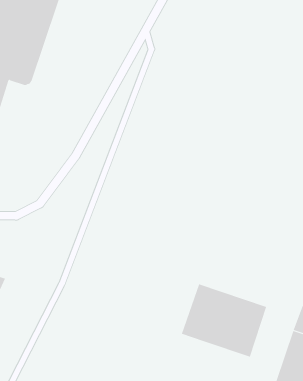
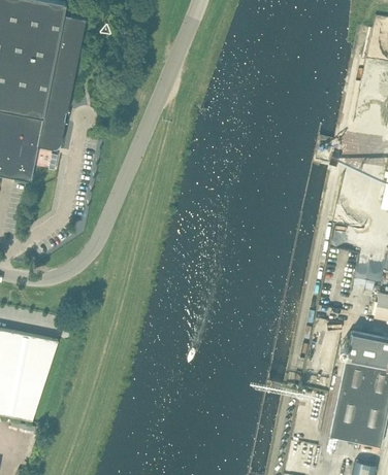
building: [181,283,267,358] -> none

